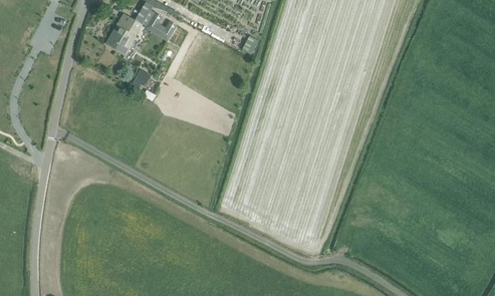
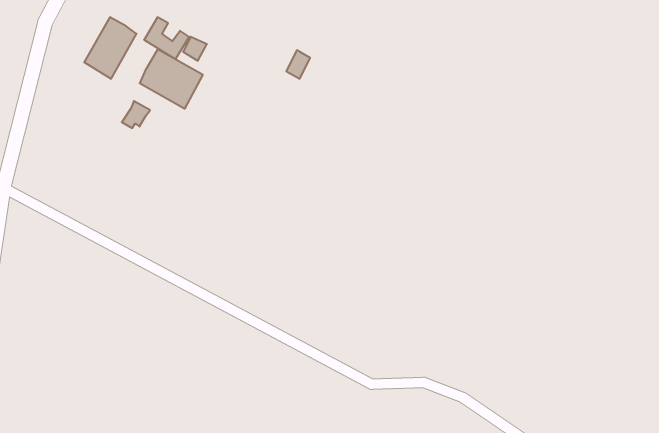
building: none -> [140,49,203,109]

